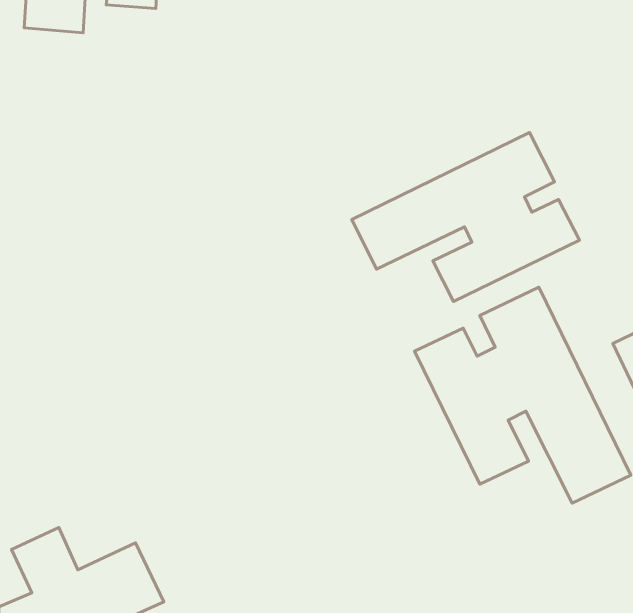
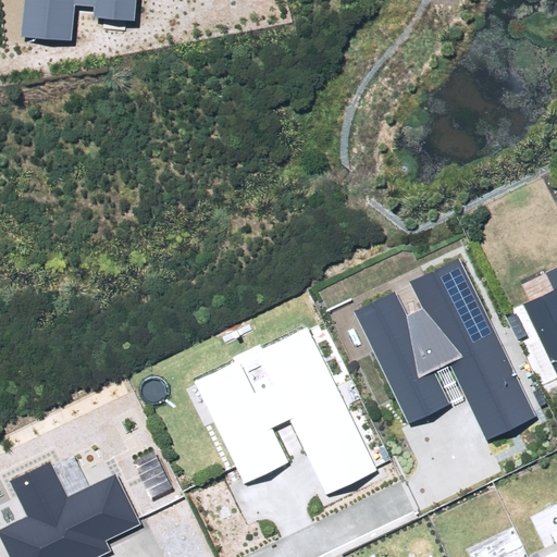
building: [352,132,579,302] -> none
building: none -> [197,327,377,494]

